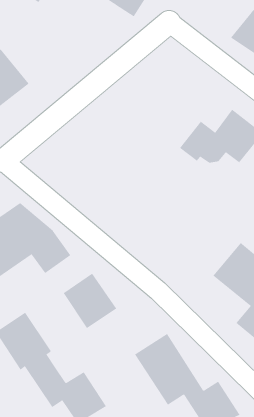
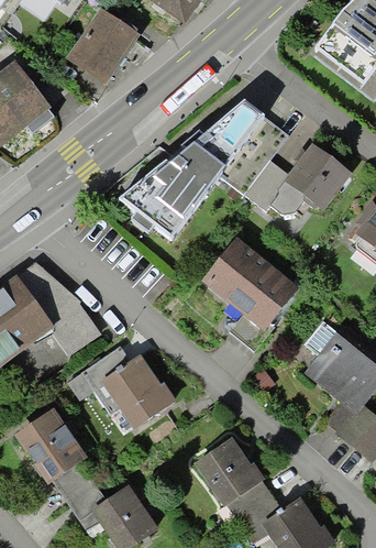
building: none -> [68,9,143,86]
building: none -> [124,105,290,238]
building: none -> [204,240,301,333]

